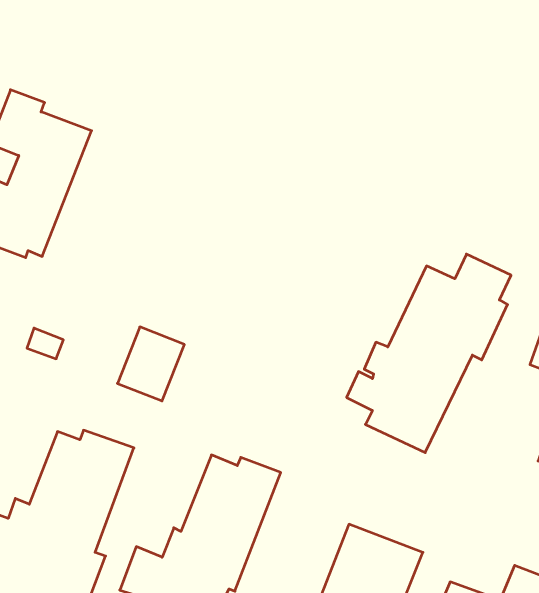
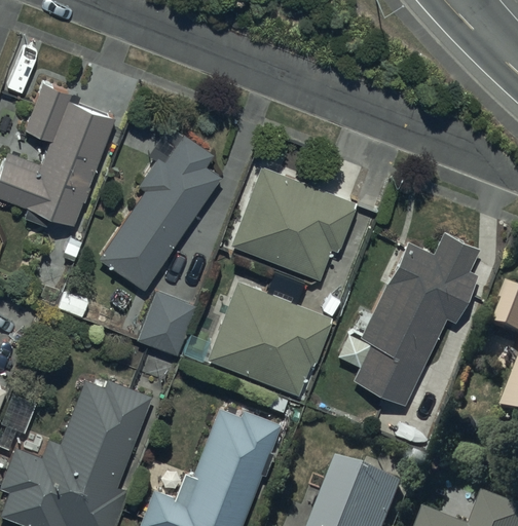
building: none -> [100,128,220,292]
building: none -> [232,170,356,281]
building: none -> [208,284,331,397]

